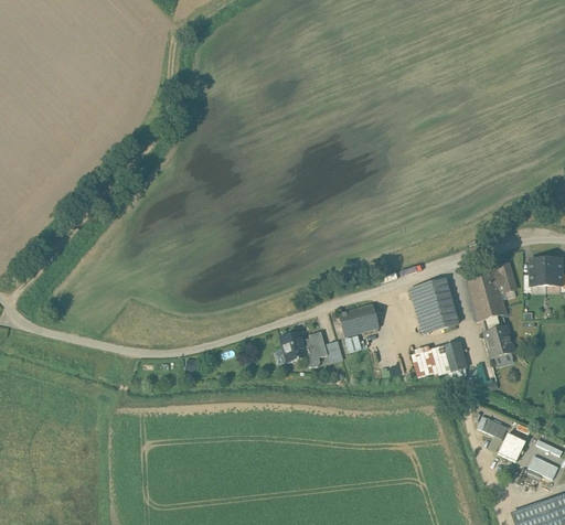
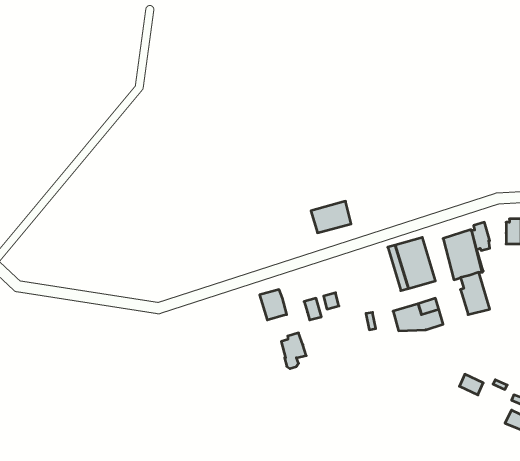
building: [338,303,379,335] -> [311,201,351,233]
building: [302,331,328,367] -> [281,333,306,369]
building: [498,432,525,461] -> none

